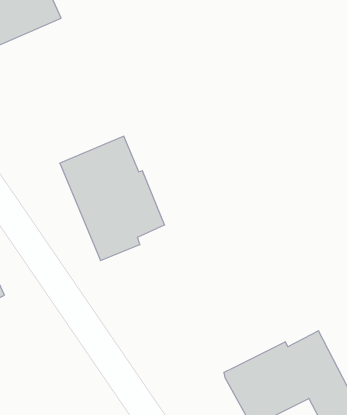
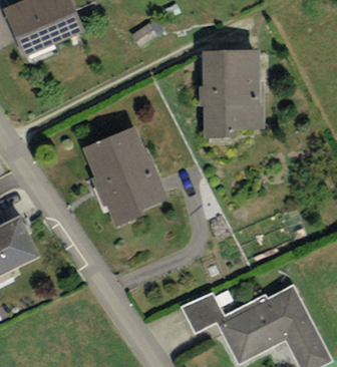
building: none -> [202,50,261,138]
building: none -> [181,290,224,333]

